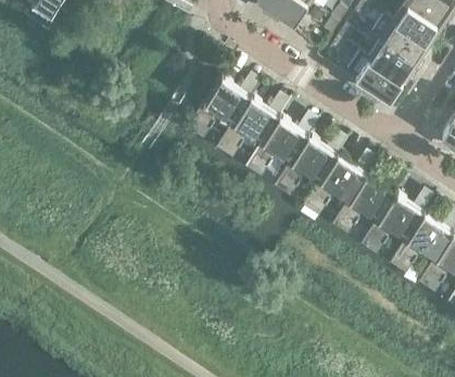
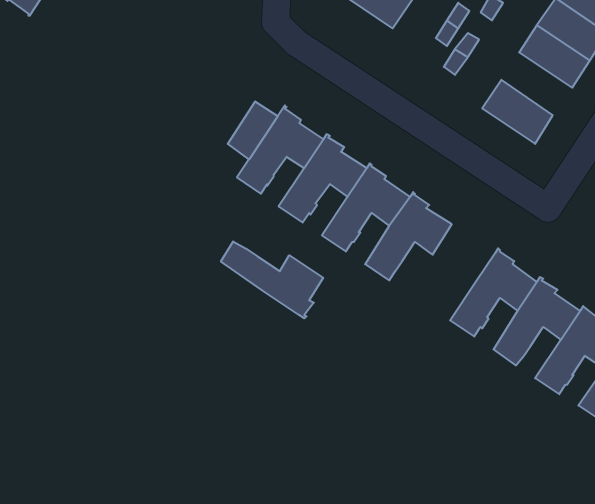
building: [368,42,416,85] -> none
building: none -> [228,101,278,159]
building: [304,155,364,215] -> none
building: none -> [221,241,323,318]

